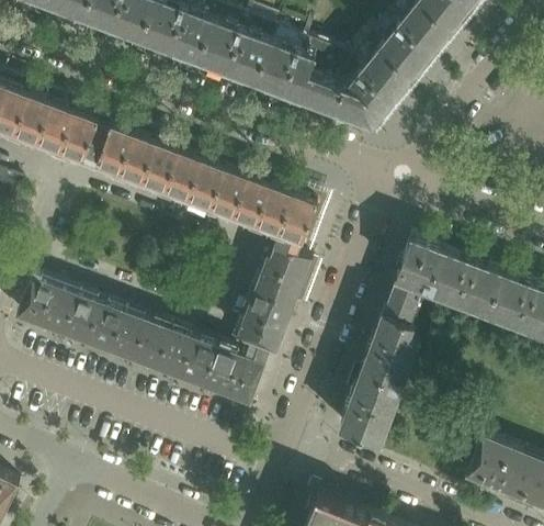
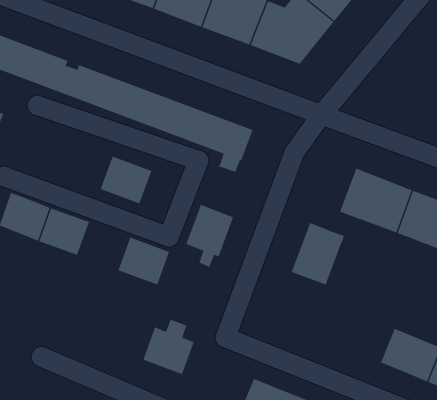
building: [384,240,437,325] -> none
building: [253,248,310,309] -> none
building: [109,314,170,371] -> [100,156,152,204]
building: [203,340,264,406] -> [142,319,194,375]
building: [339,373,401,447] -> none

